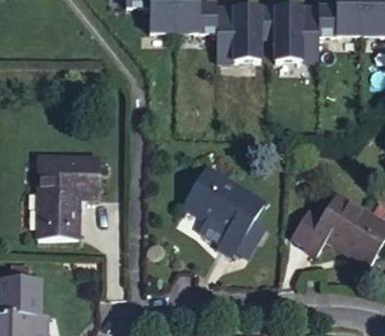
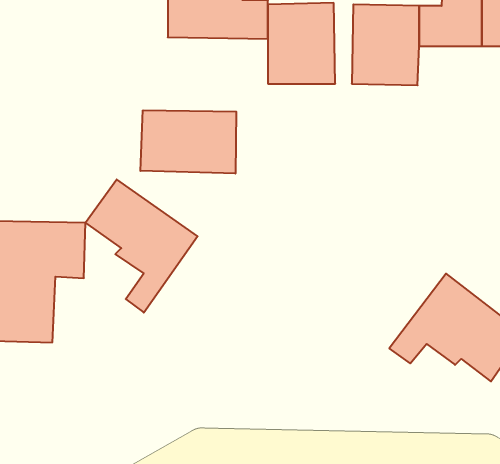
building: none -> [140,110,236,174]
building: [189,173,265,262] -> [85,179,198,313]

